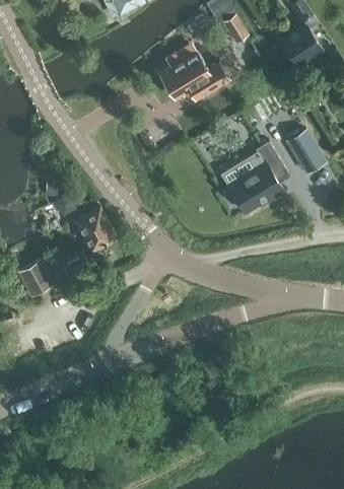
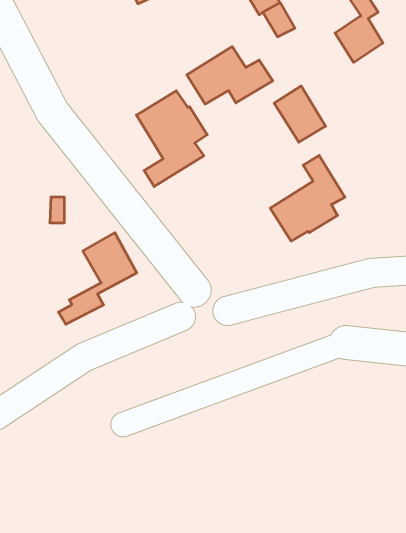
building: none -> [136,91,207,187]
building: [284,128,327,174] -> [274,86,326,142]
building: [17,259,53,295] -> none

